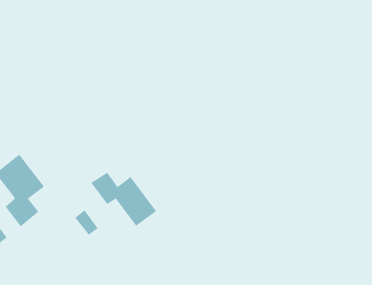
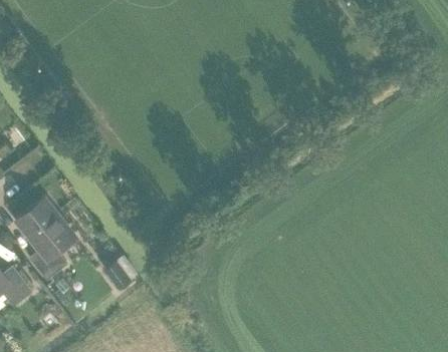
building: [91,172,157,227] -> none

